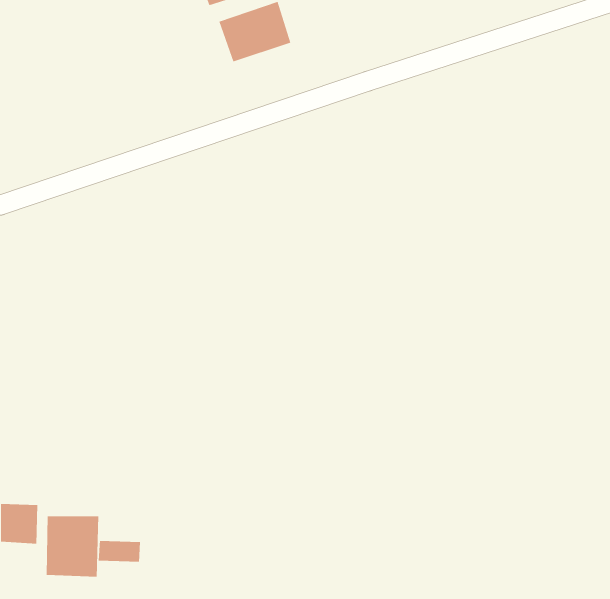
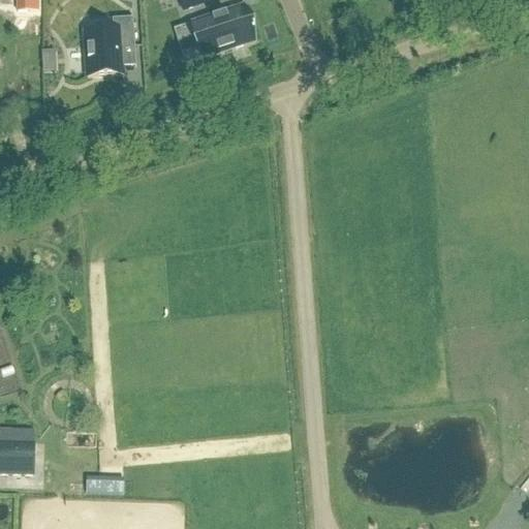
building: none -> [87,11,136,72]
building: [46,515,99,577] -> none

